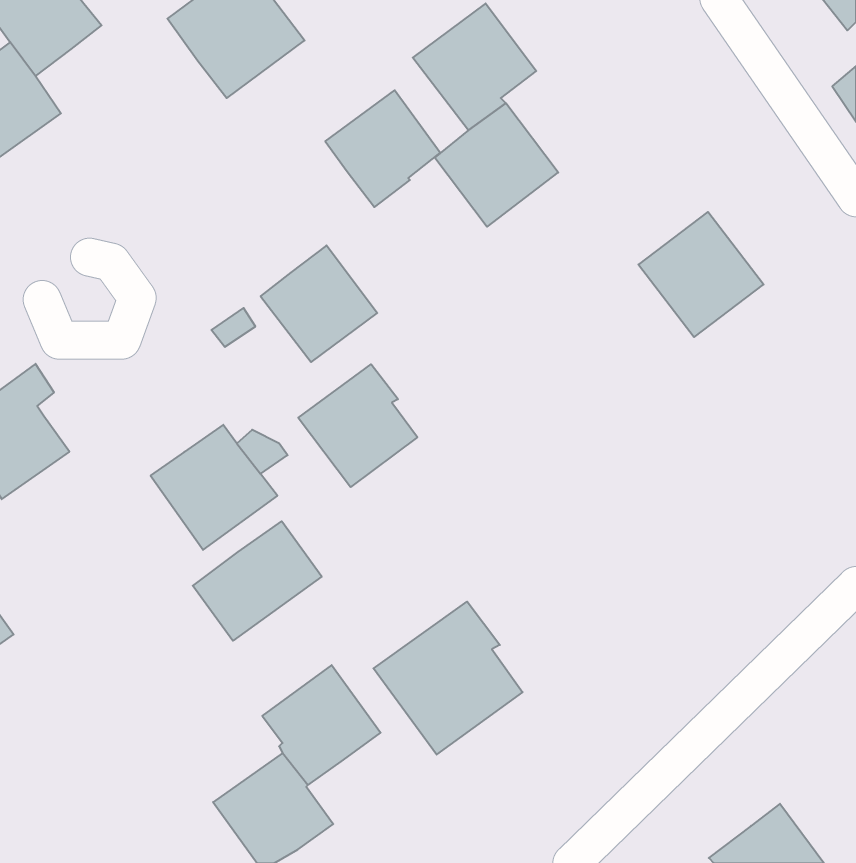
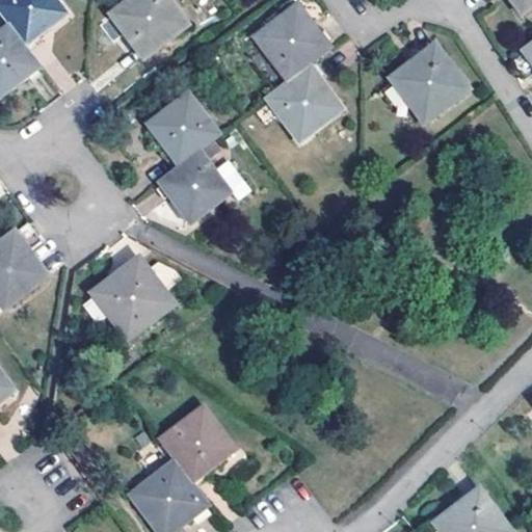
building: [325,90,440,207] -> [149,96,219,167]
building: [638,212,764,337] -> [392,41,469,117]
building: [298,364,417,487] -> none
building: [193,521,322,641] -> none
building: [373,602,523,755] -> none

